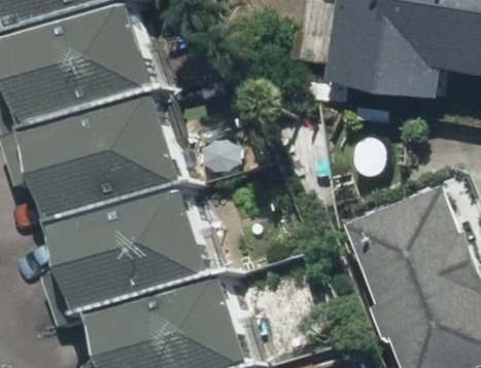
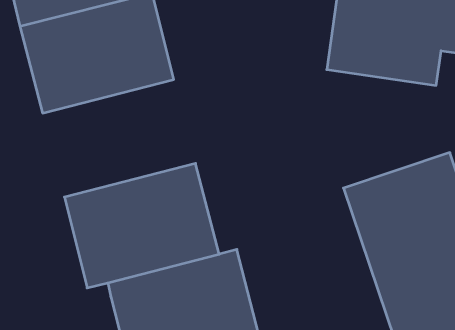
building: [46,103,206,225] -> none

